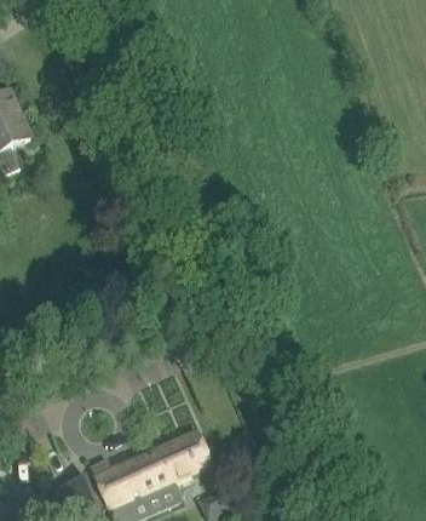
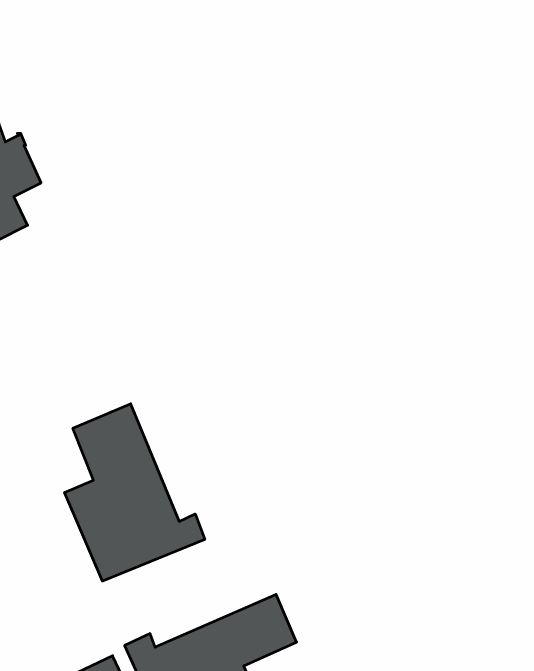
building: none -> [65,404,205,581]

